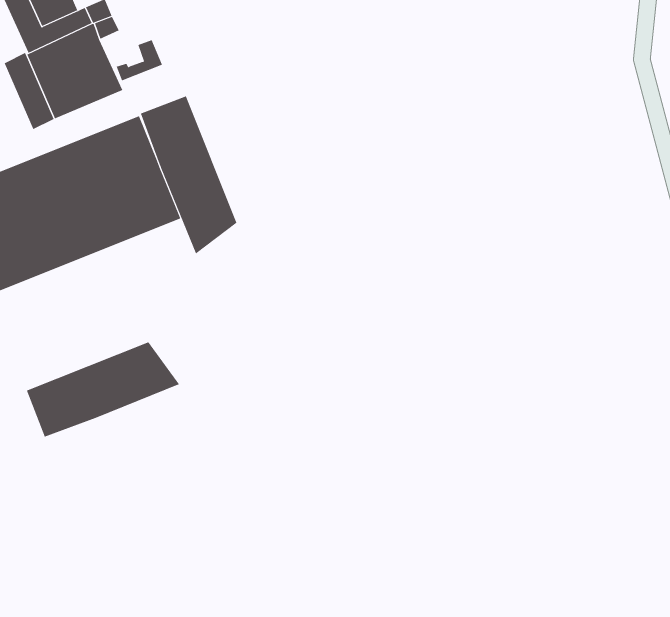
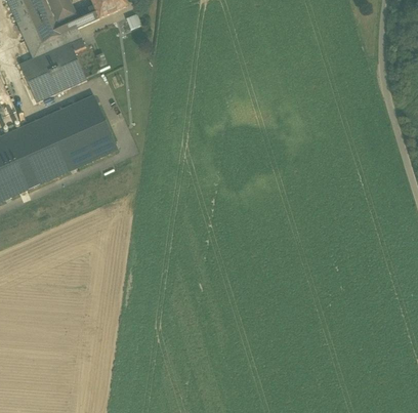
building: [140,96,237,255] -> none
building: [26,341,180,438] -> none

